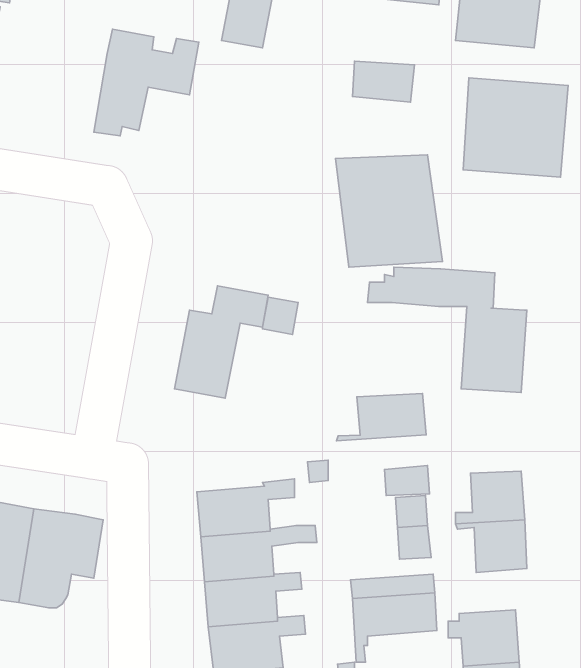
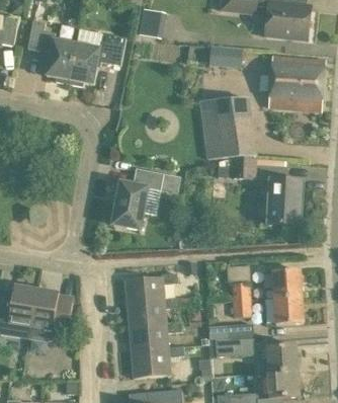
building: none -> [27,20,76,85]
building: [337,393,426,441] -> none

